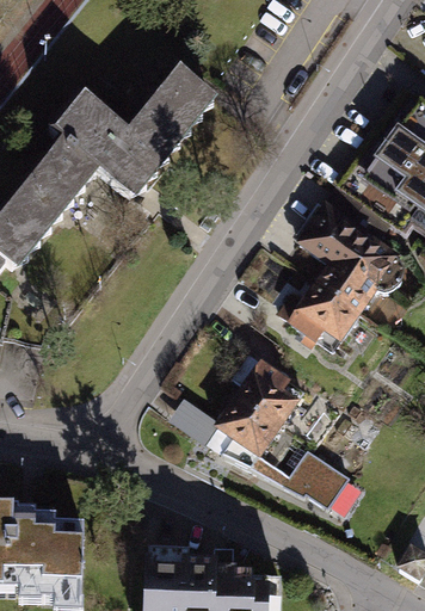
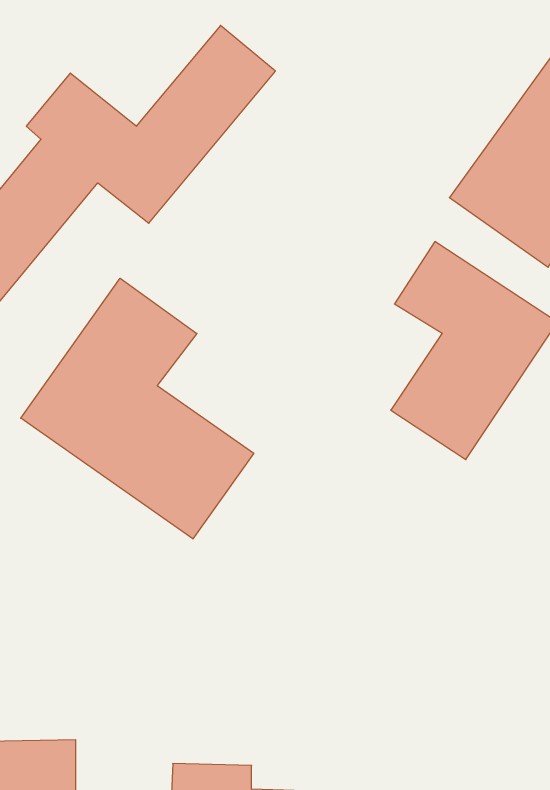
building: none -> [21,278,254,539]
building: [211,357,349,505] -> none

